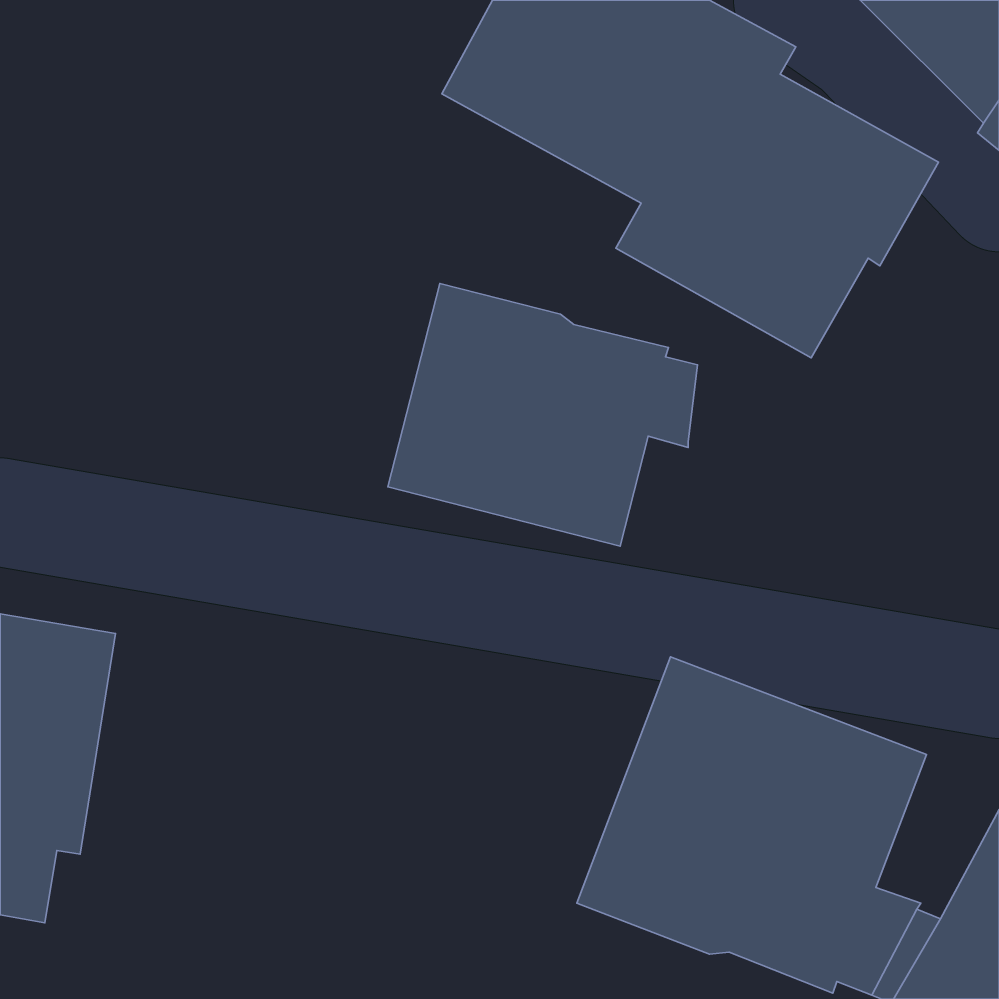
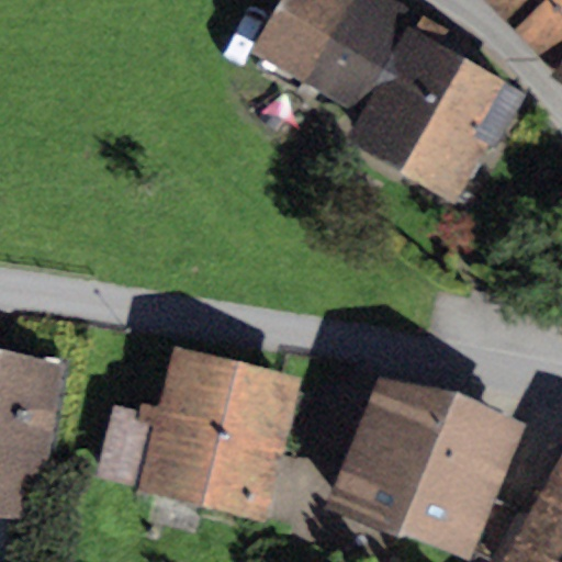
building: [388,283,698,546] -> none
building: none -> [93,347,302,520]

